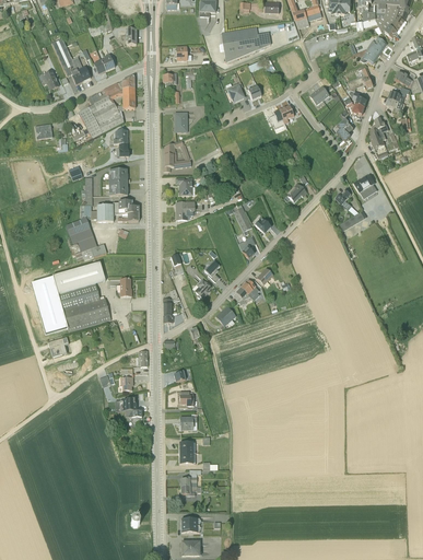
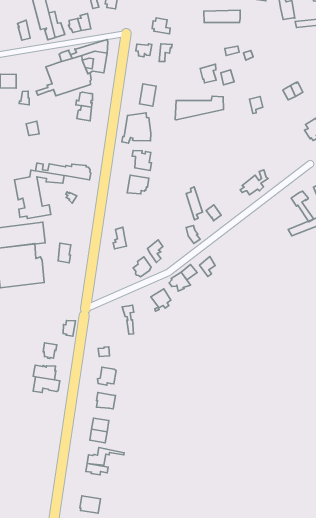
building: [223,32,270,61] -> [175,96,223,120]
building: [108,168,130,195] -> none

